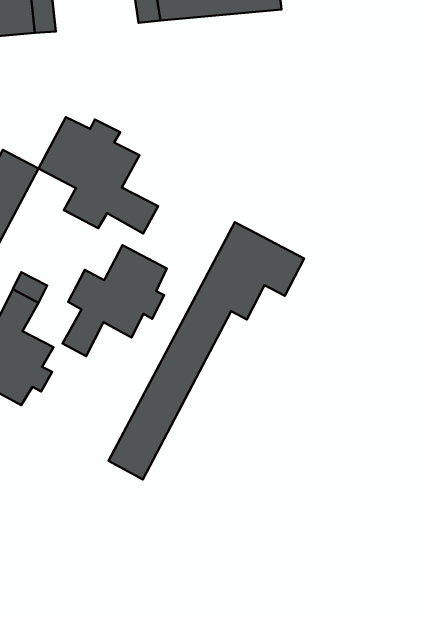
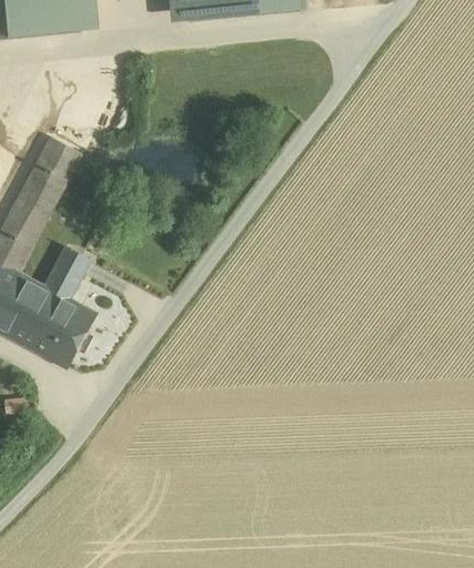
building: [39,117,158,233] -> none
building: [109,222,304,479] -> none
building: [63,245,167,356] -> none

